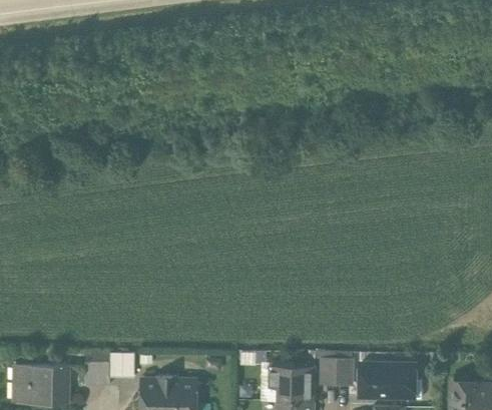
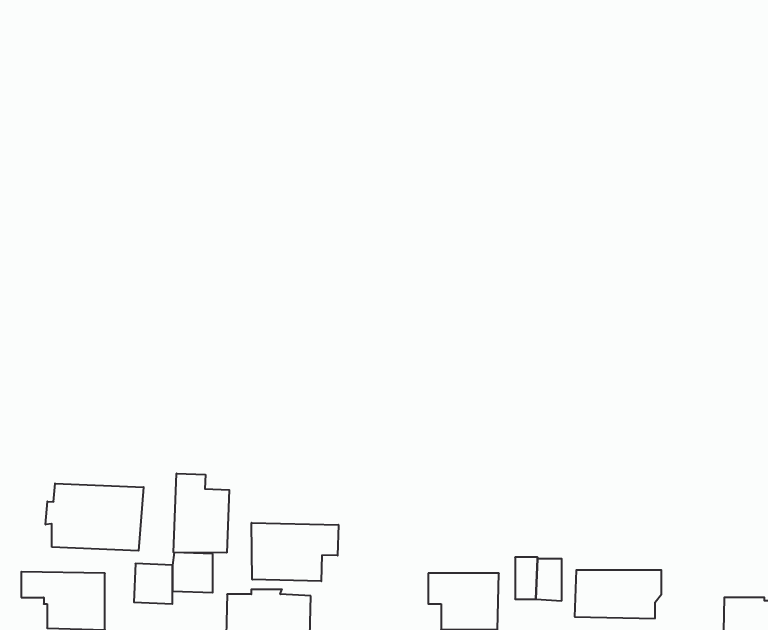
building: none -> [173,473,229,553]
building: none -> [46,483,144,551]
building: none -> [252,523,338,581]

